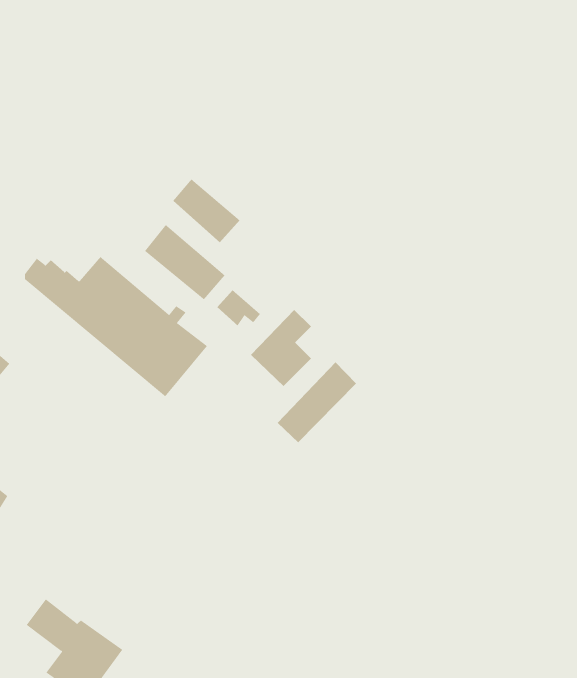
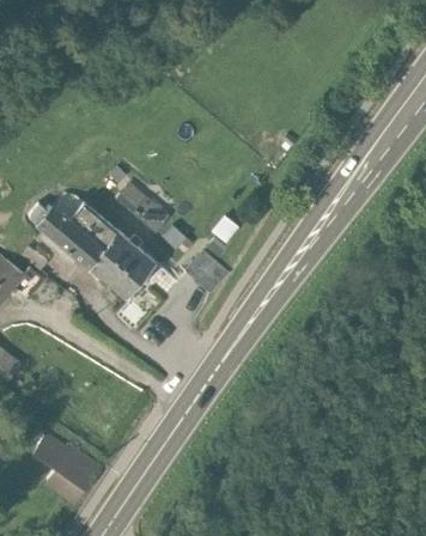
building: [173,178,241,243] -> none
building: [277,362,357,443] -> none

